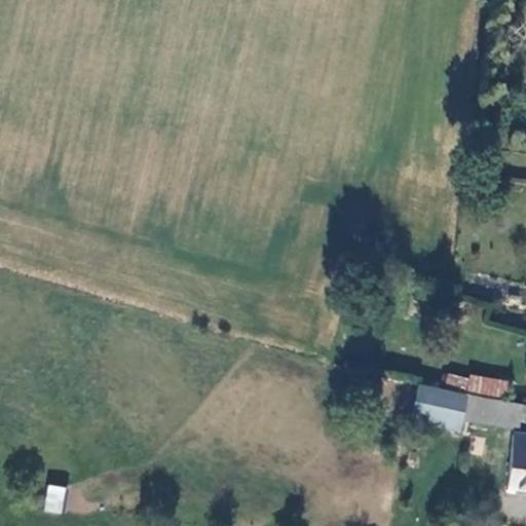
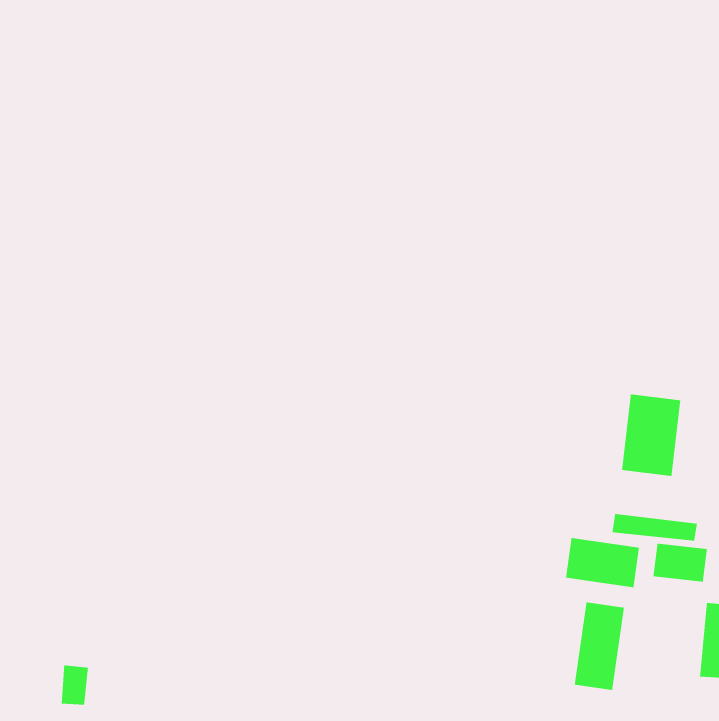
building: none -> [621,394,681,477]
building: none -> [574,602,625,691]

